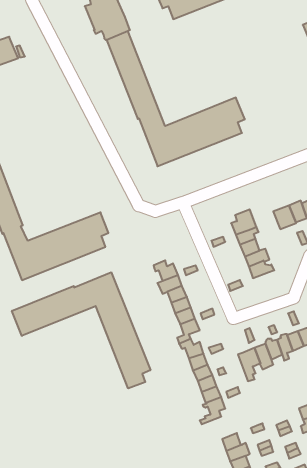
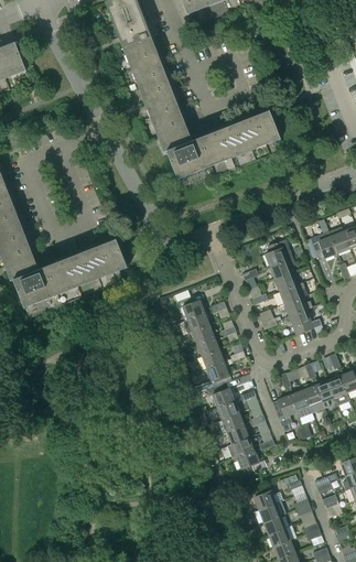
building: [12,272,150,388] -> none
building: none -> [285,309,321,334]

